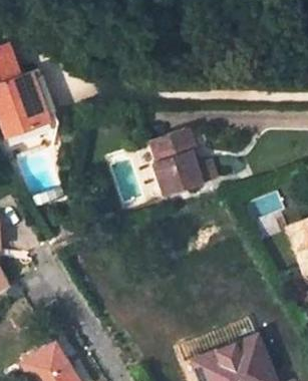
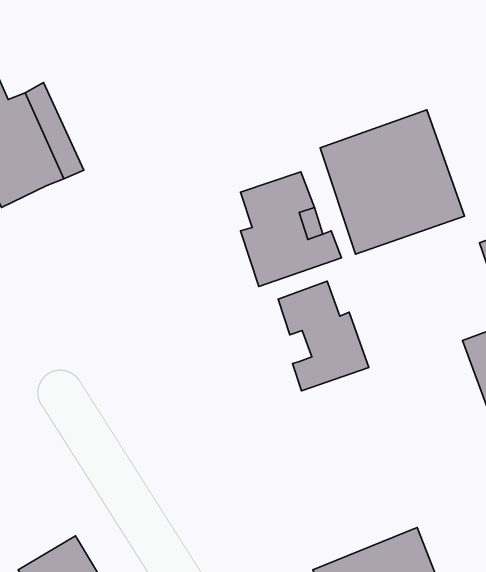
building: none -> [320,110,465,254]
building: none -> [278,281,369,391]

